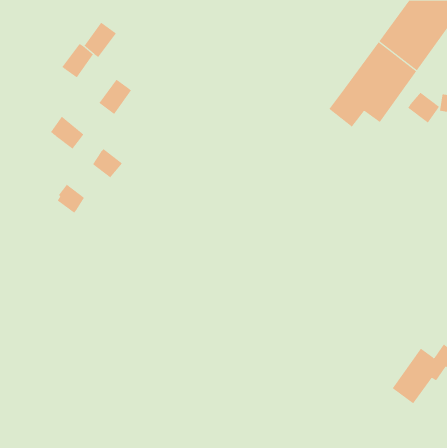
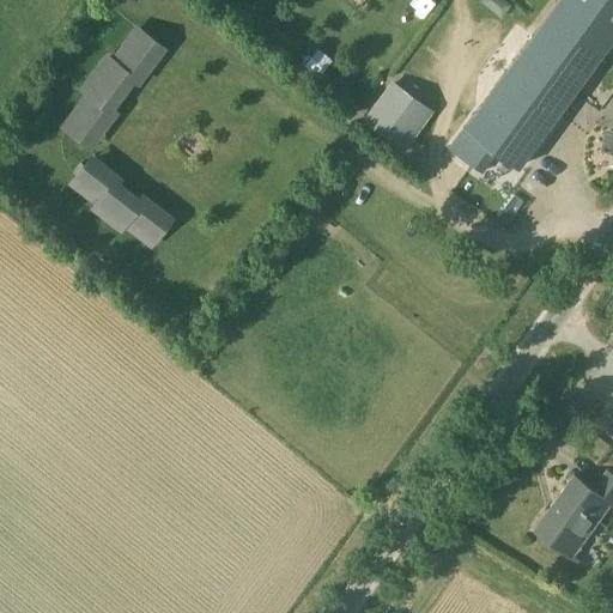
building: none -> [369,86,435,151]
building: [99,79,132,115] -> [67,96,113,145]
building: [408,92,440,123] -> none
building: [57,184,85,214] -> [101,189,139,230]

